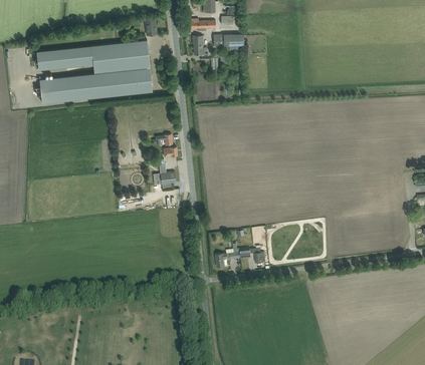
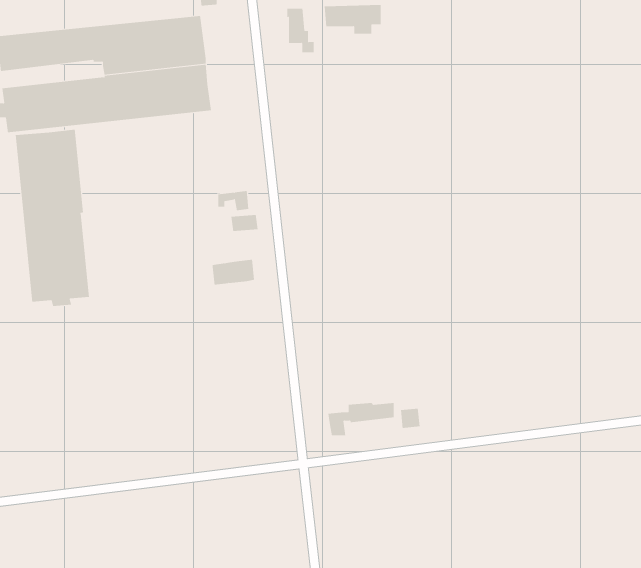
building: none -> [15,129,89,307]

